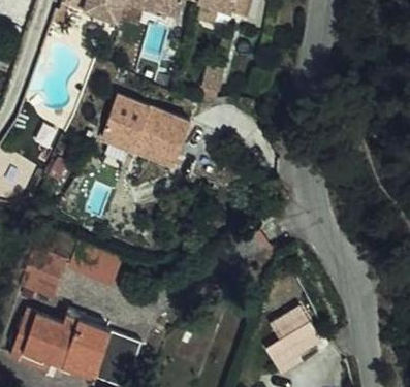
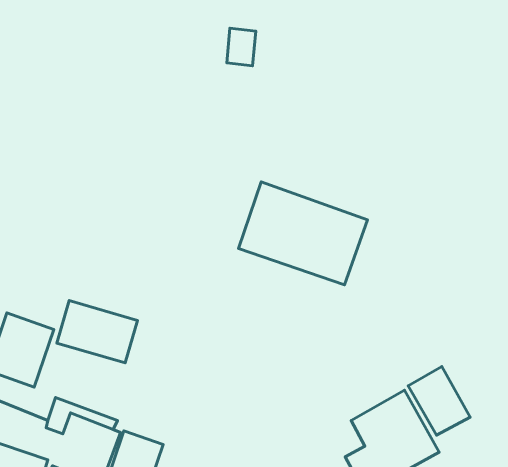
building: [102,99,190,169] -> [238,182,367,285]
building: none -> [408,367,470,435]

